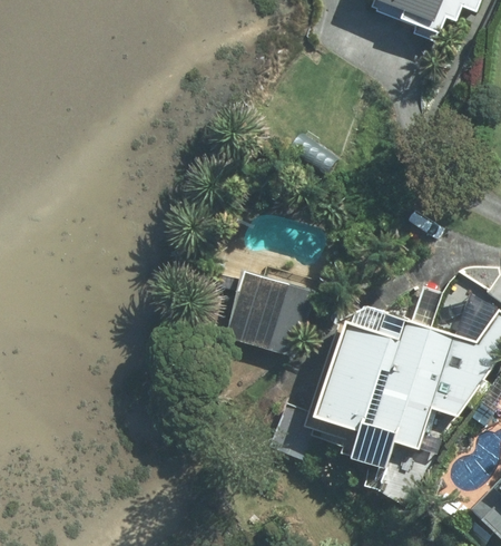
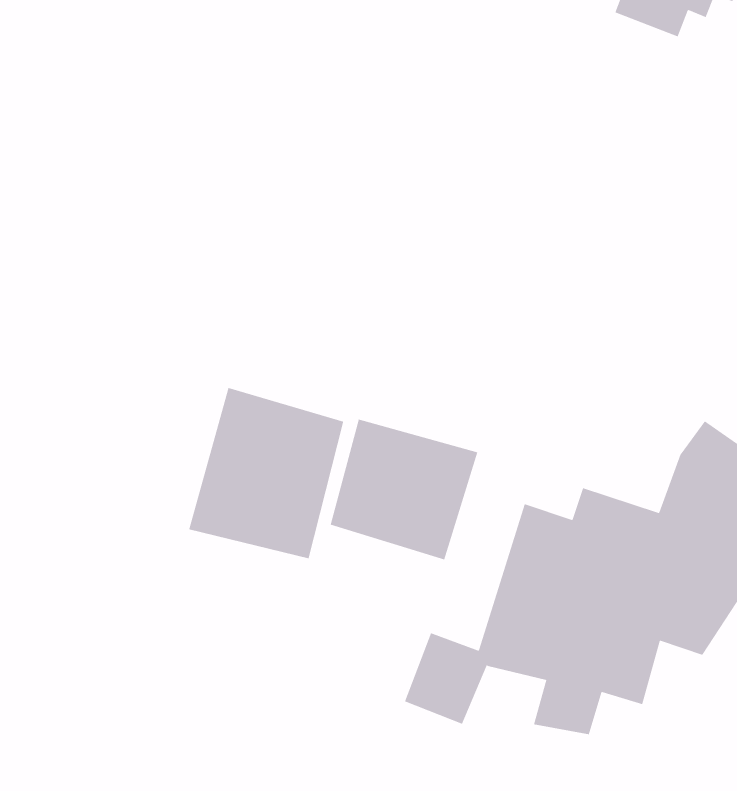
building: none -> [188,387,344,559]

